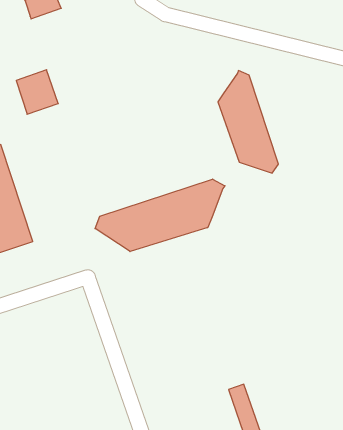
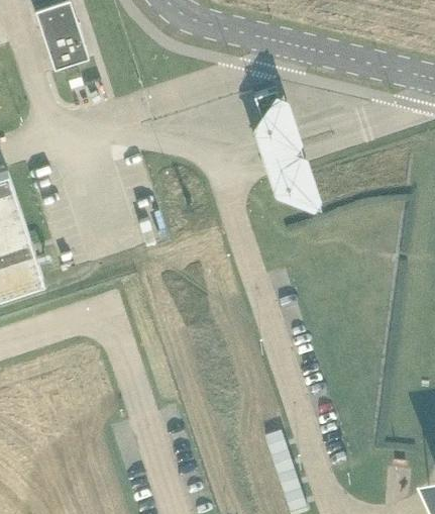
building: [16,70,58,114] -> [43,25,91,76]
building: [95,179,225,252] -> none

